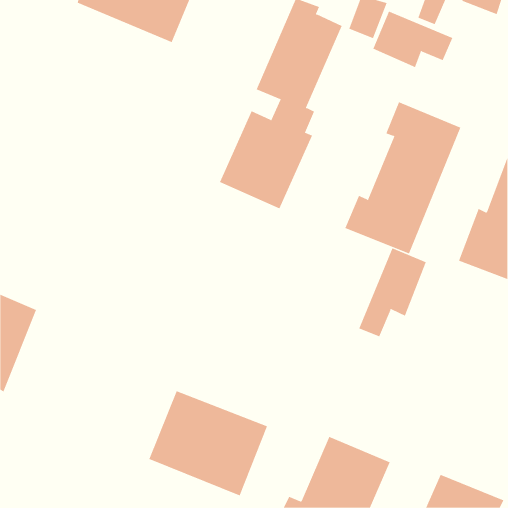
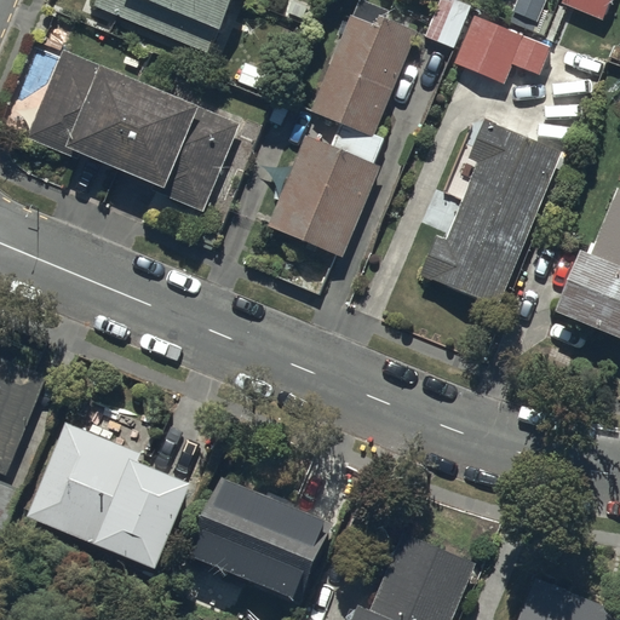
building: none -> [28,48,239,211]
building: [358,248,427,337] -> none
building: none -> [27,420,190,569]

